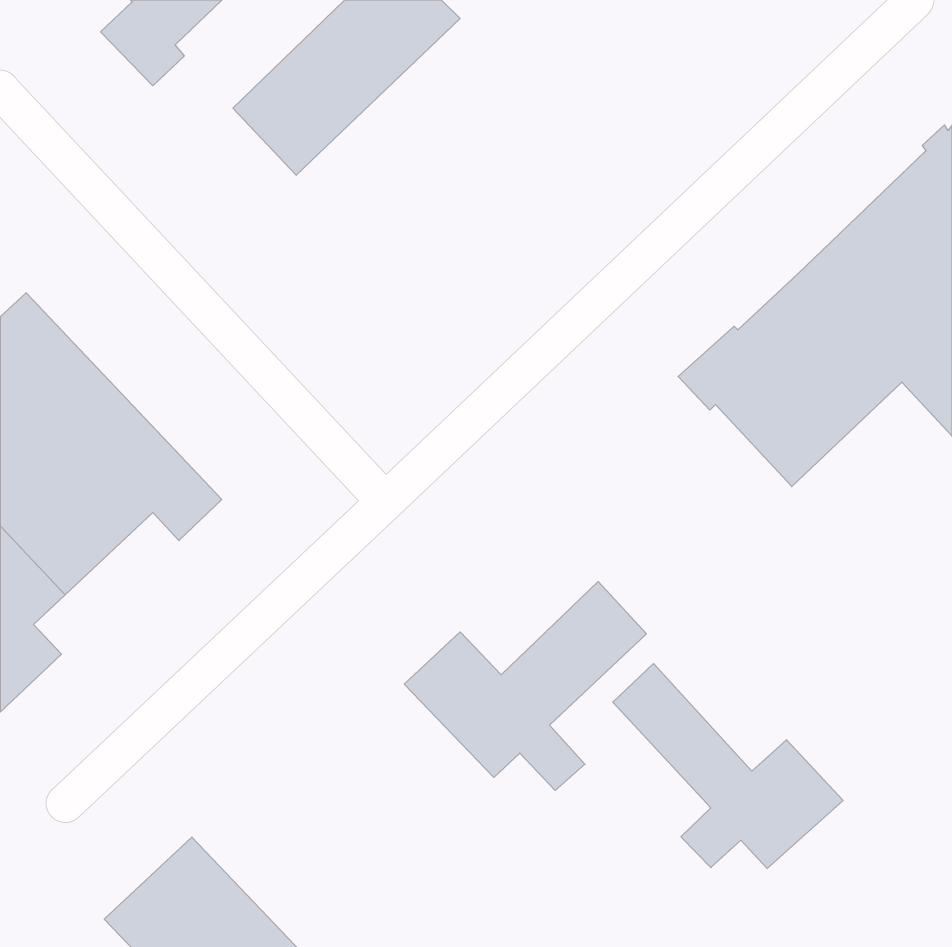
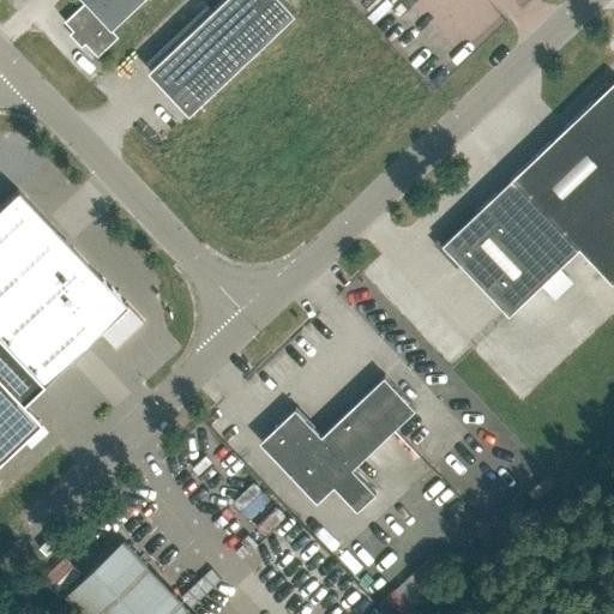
building: [613,664,843,868] -> none

